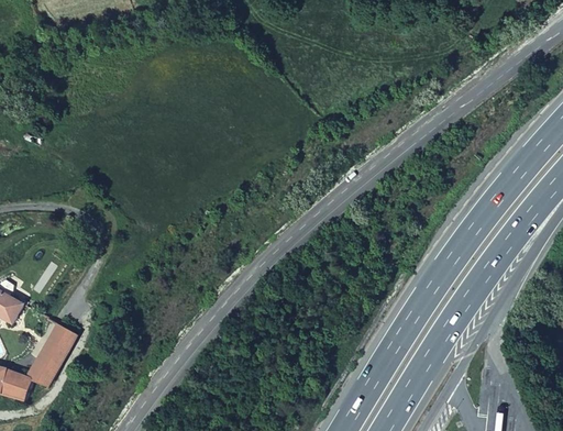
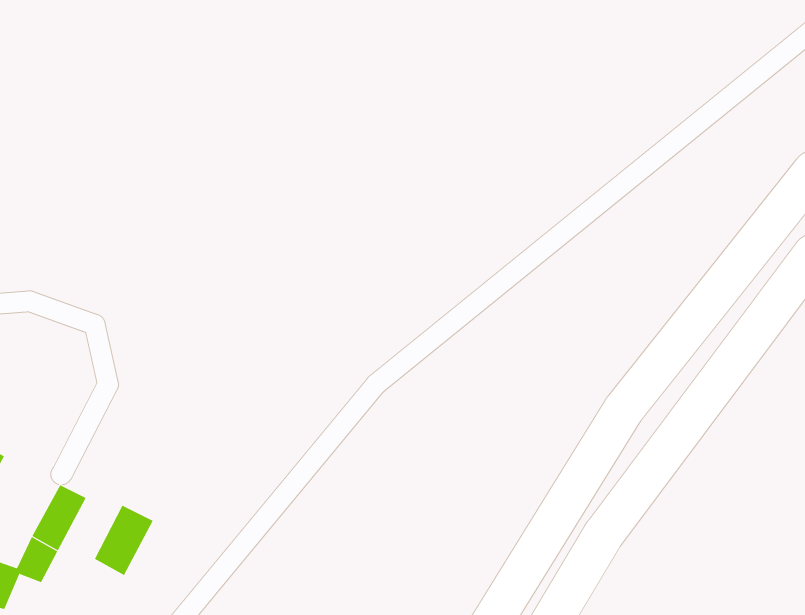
building: none -> [94,505,153,576]

